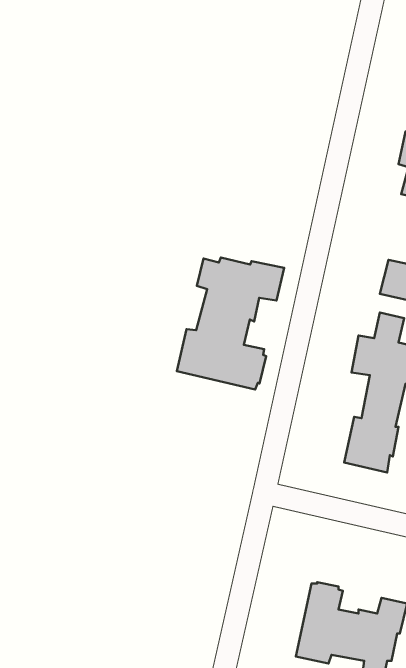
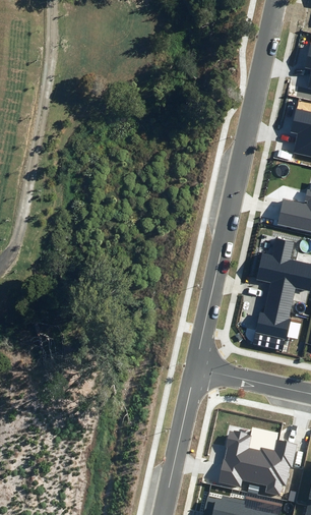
building: [177,257,284,389] -> none

